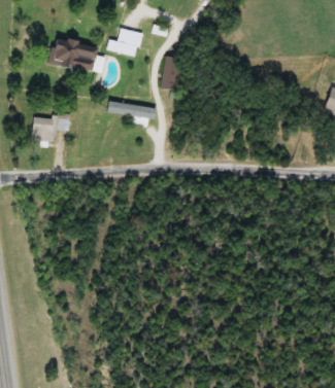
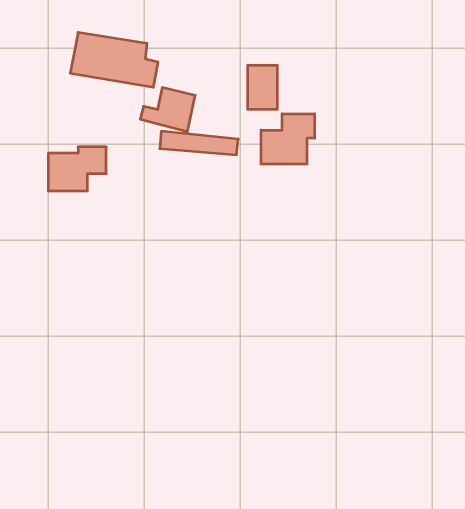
building: [106,28,142,57] -> [140,88,195,132]
building: none -> [261,114,315,164]

